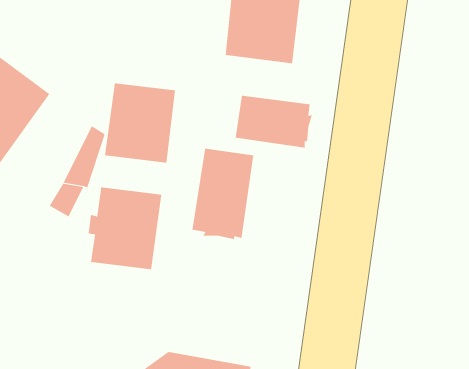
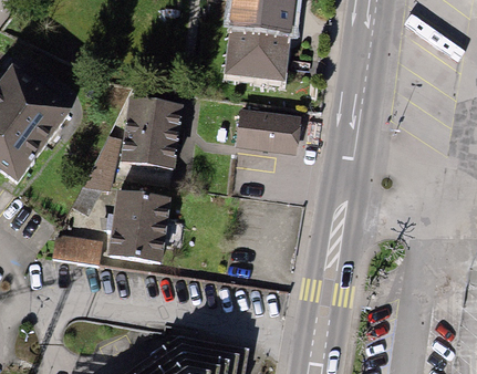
building: [192,148,254,240] -> none
building: none -> [52,235,102,263]

